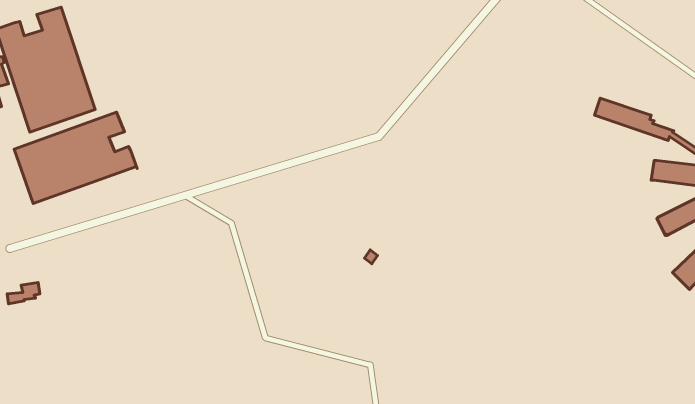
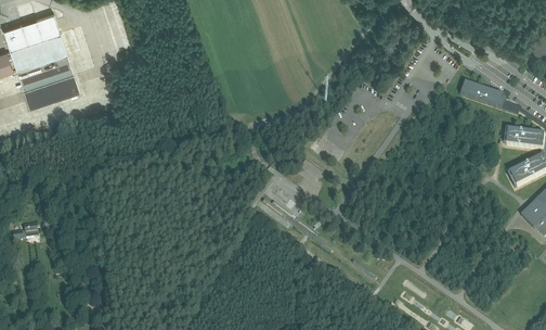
building: [14,112,137,204] -> none

